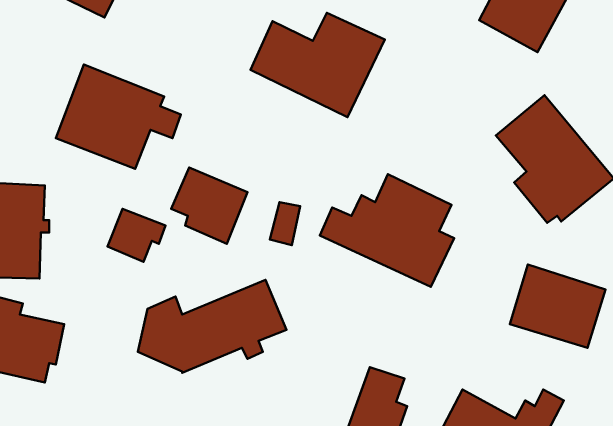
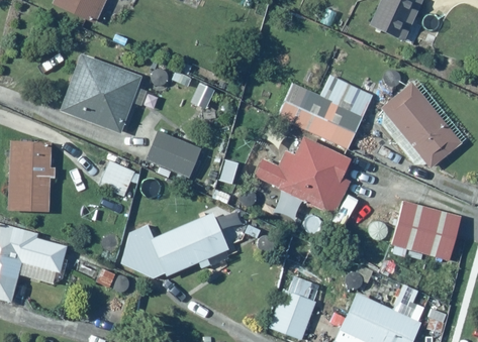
building: [250,13,385,117] -> [275,75,373,150]

